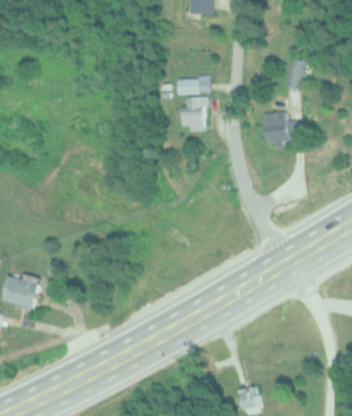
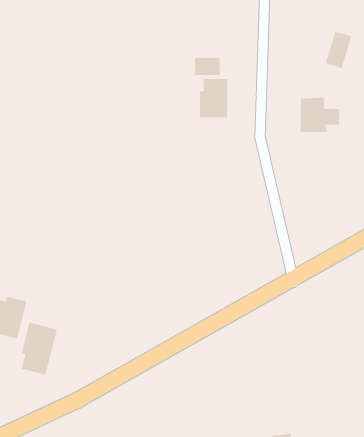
building: none -> [21,322,58,376]

